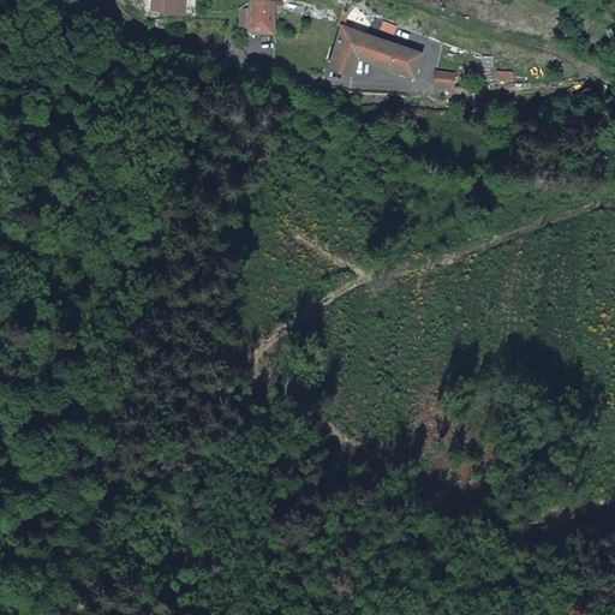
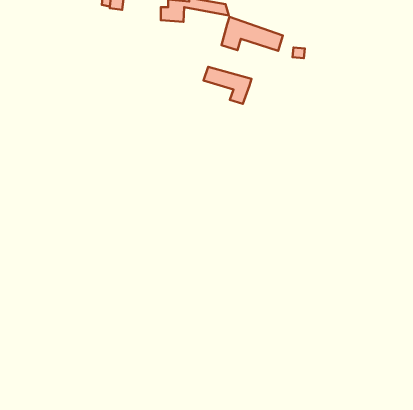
building: none -> [204,67,251,104]

